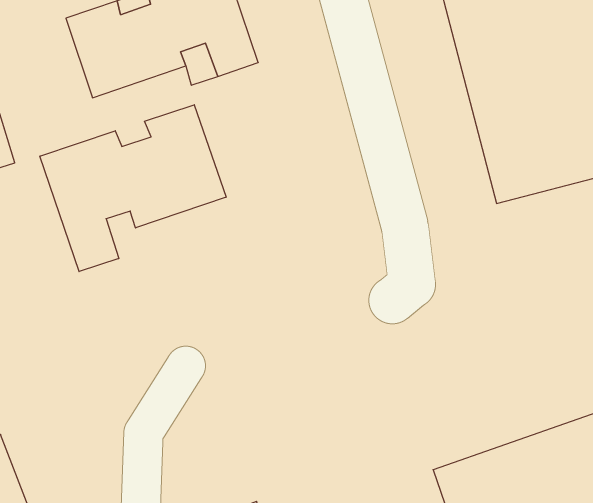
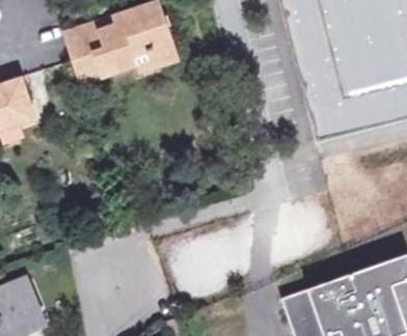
building: [40,105,226,272] -> none

